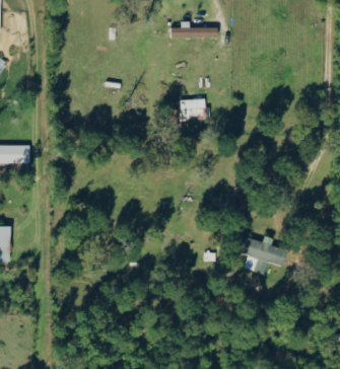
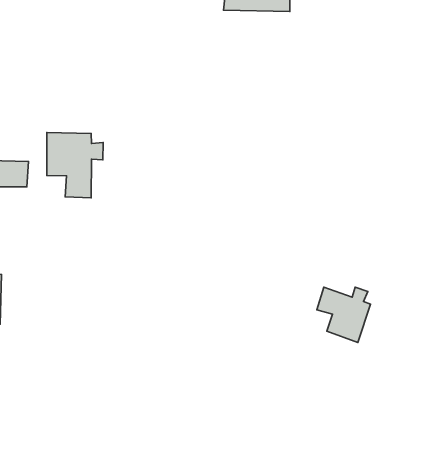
building: [179,98,206,121] -> none
building: none -> [47,133,103,198]

